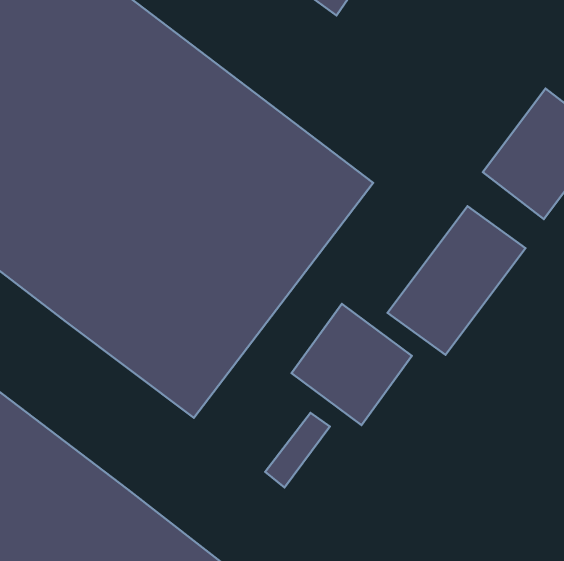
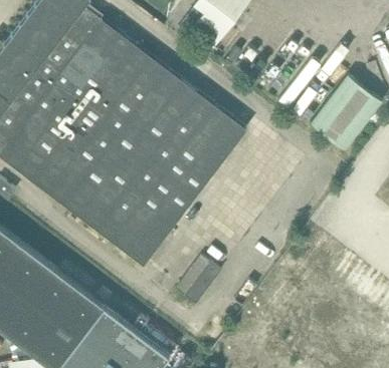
building: [388,206,526,355] -> none
building: [291,304,412,425] -> none

